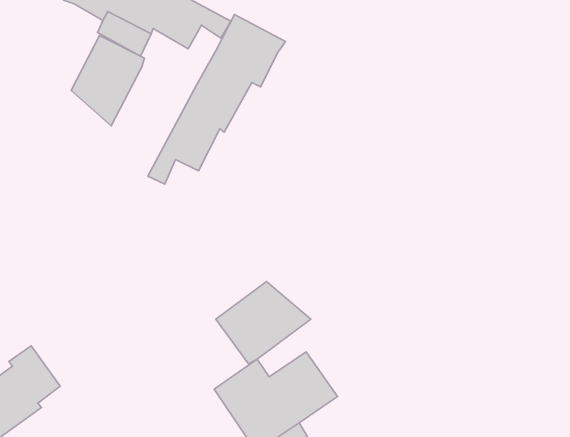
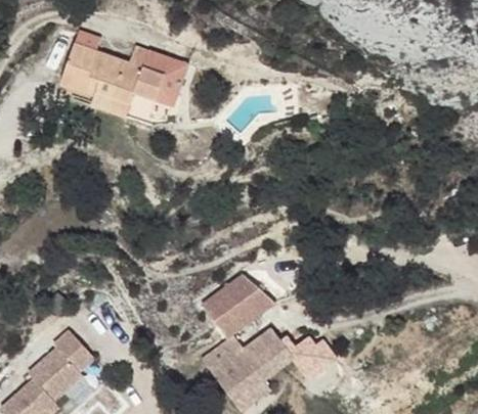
building: [148,14,285,184] -> none
building: [71,35,145,126] -> none

